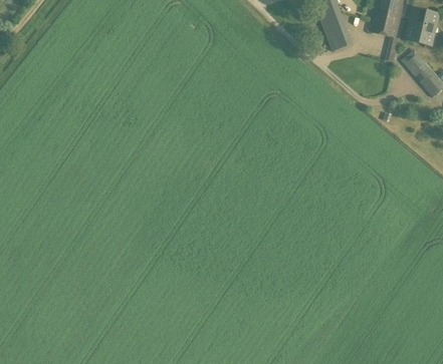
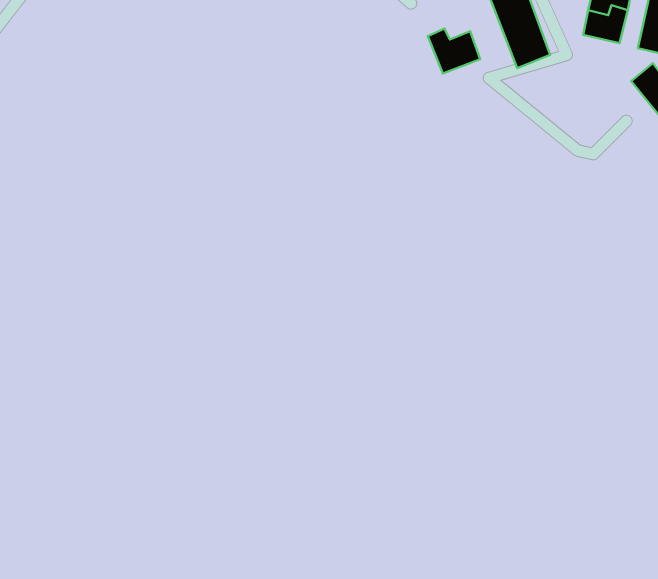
building: none -> [428,28,480,73]

